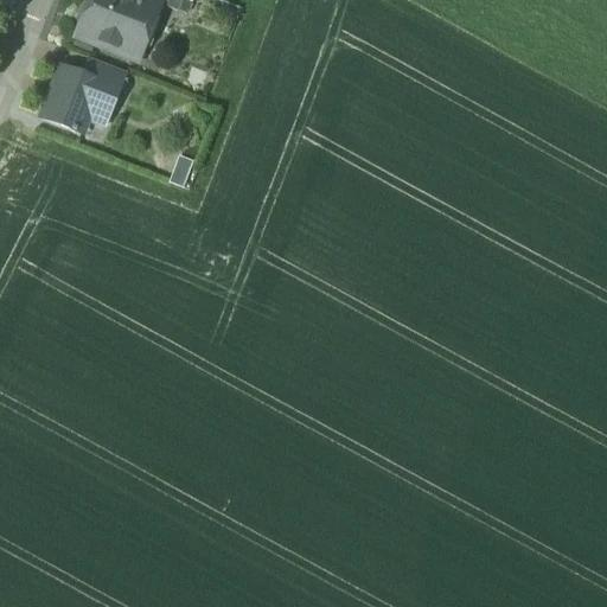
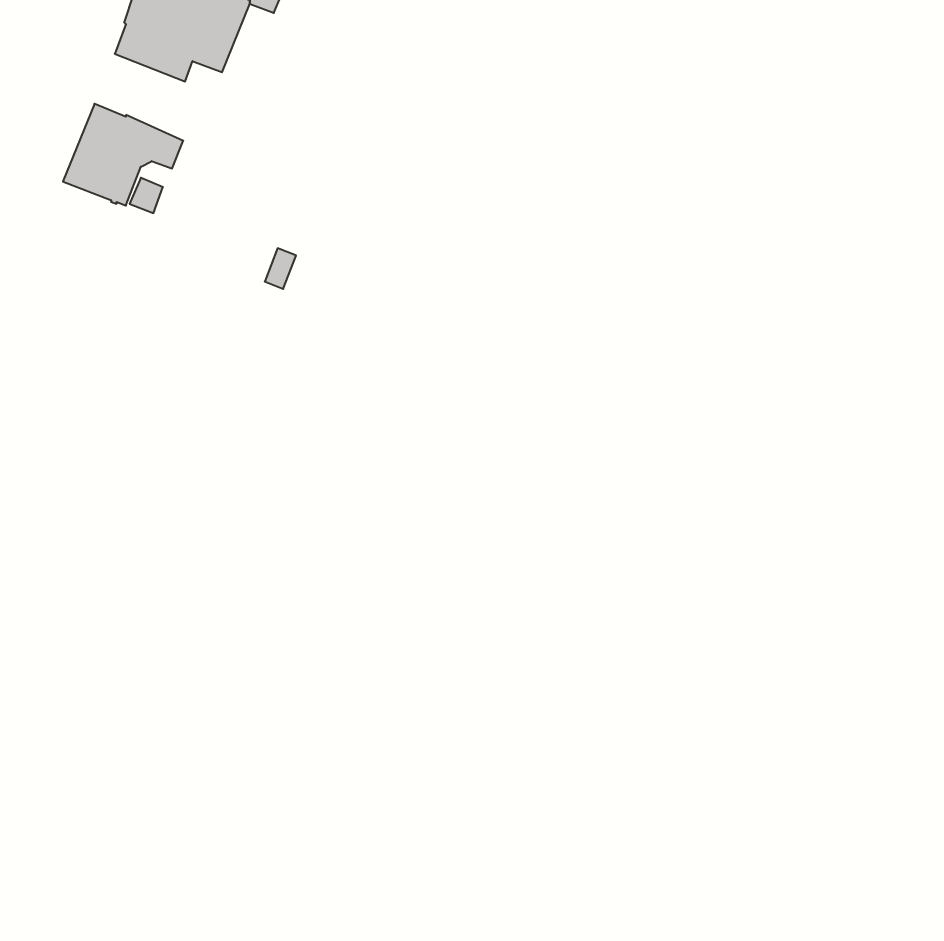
building: [82,57,126,90] -> none

